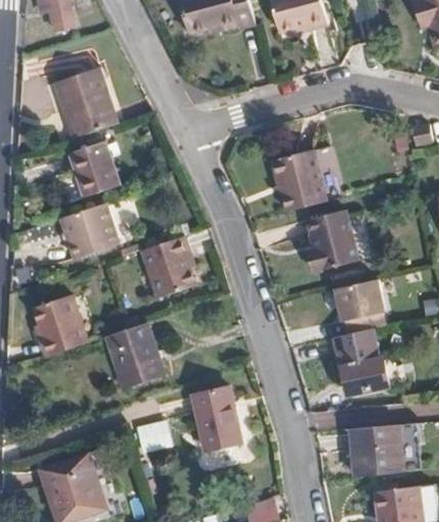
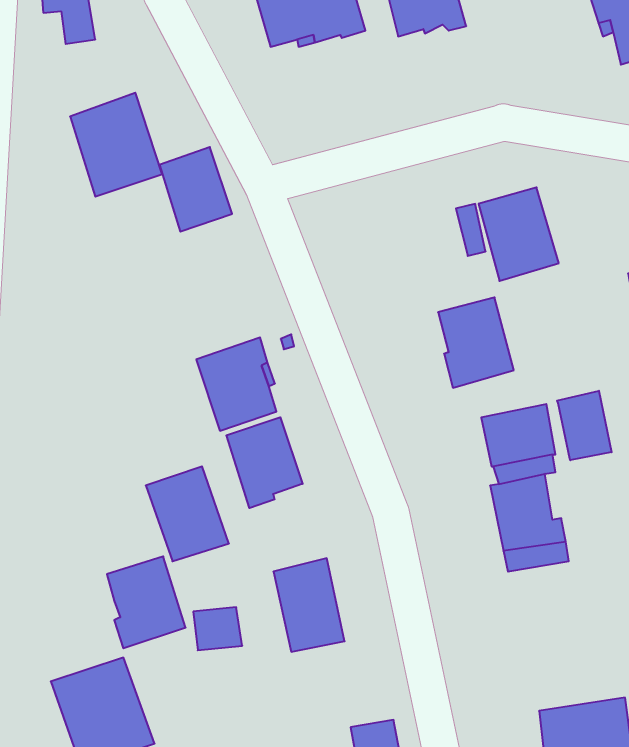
building: [73,137,123,195] -> [159,147,232,232]
building: [271,147,326,211] -> [479,187,559,281]
building: [61,203,119,259] -> none
building: none -> [557,391,612,460]
building: none -> [226,417,303,508]
building: [33,294,87,357] -> [107,556,186,648]
building: [350,428,407,479] -> none

